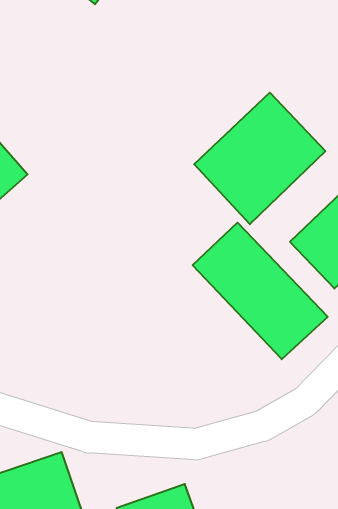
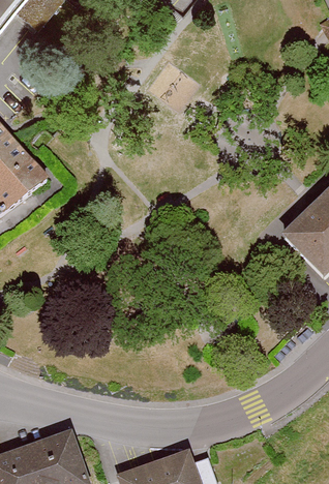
building: [194,93,325,224] -> none
building: [193,223,328,359] -> none

